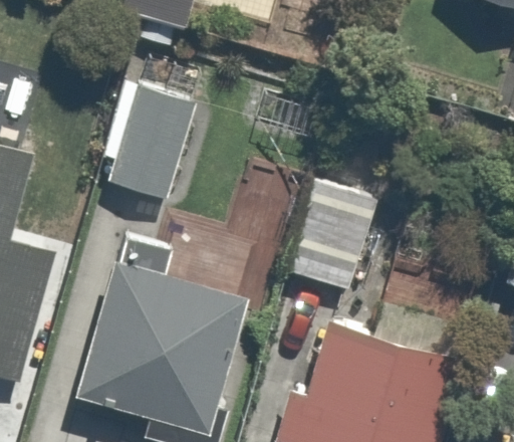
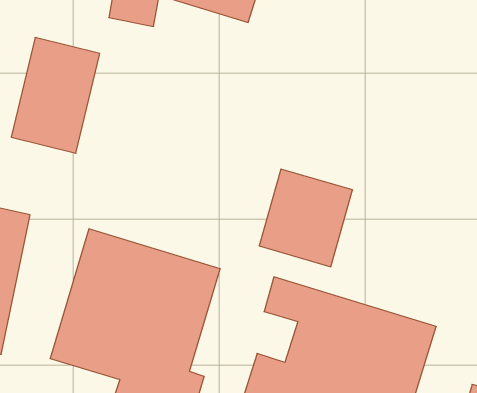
building: [108,84,198,201] -> [11,38,100,153]

